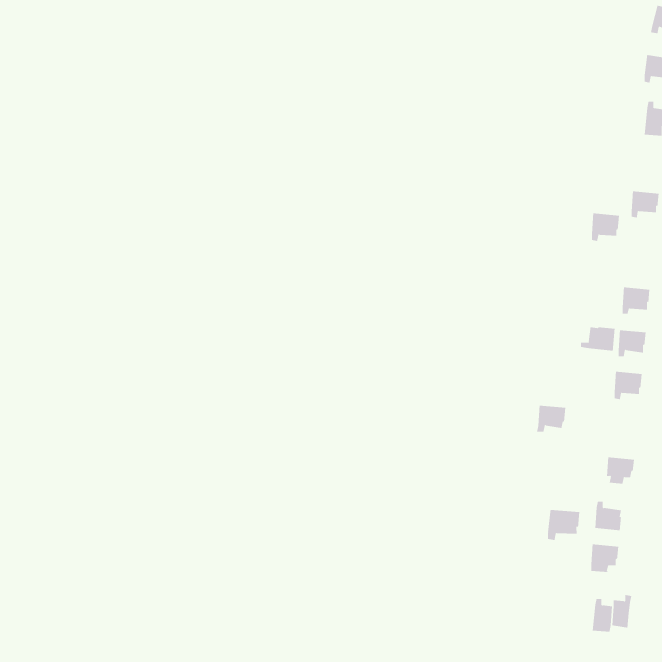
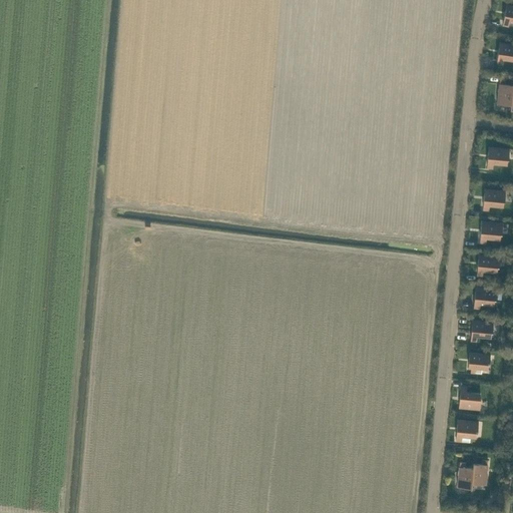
building: [591,213,620,242] -> [484,189,506,211]
building: [580,326,615,352] -> none
building: [536,405,566,432] -> [471,321,494,342]
building: [548,509,580,541] -> none

